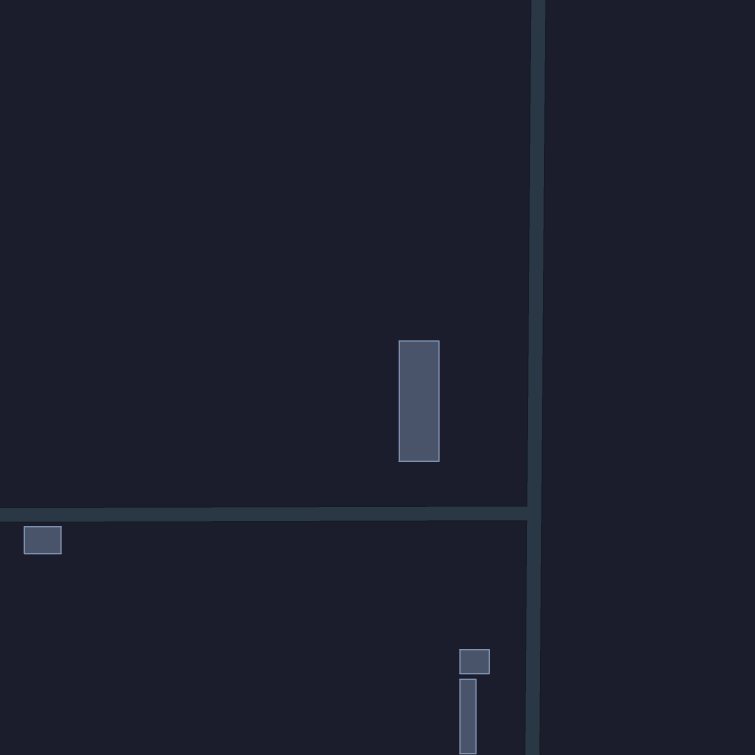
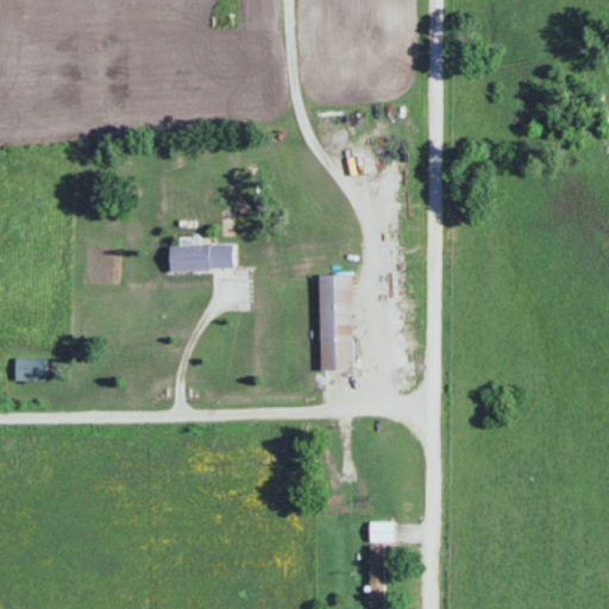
building: none -> [165,243,232,270]
building: [24,527,61,553] -> [13,358,43,379]

